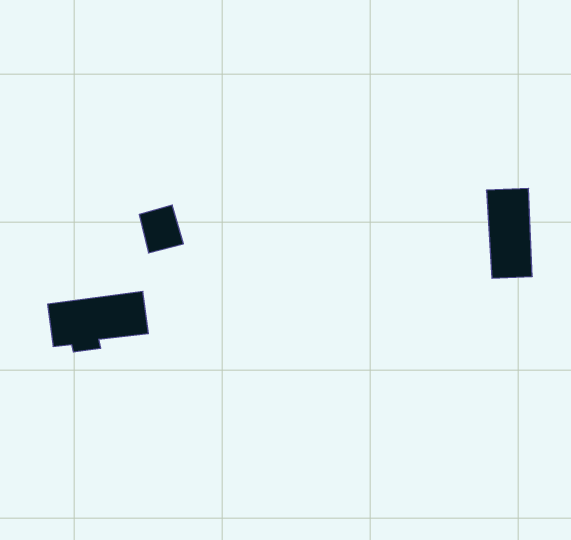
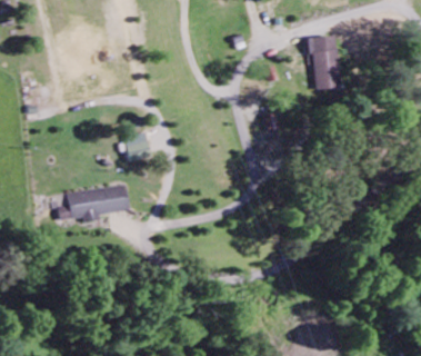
building: [486,188,532,278] -> [310,36,338,90]

